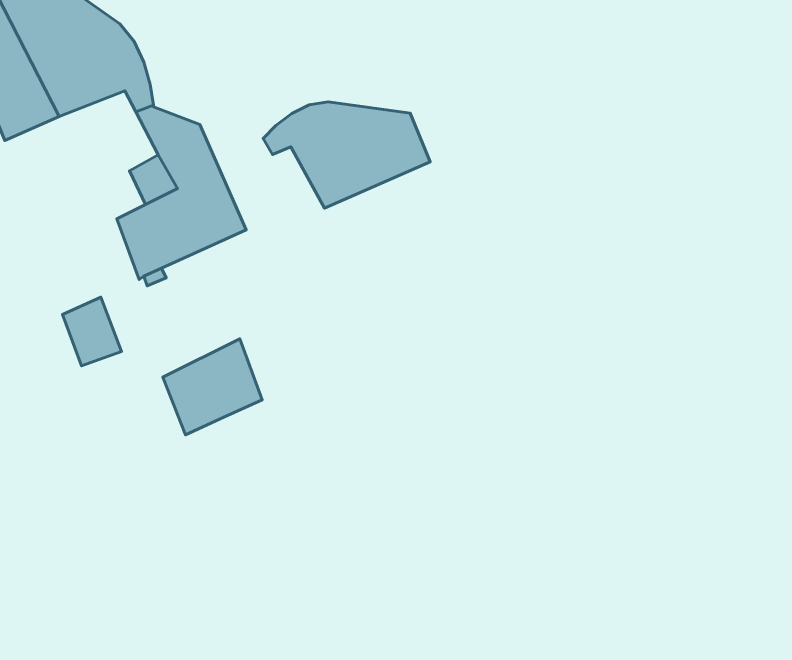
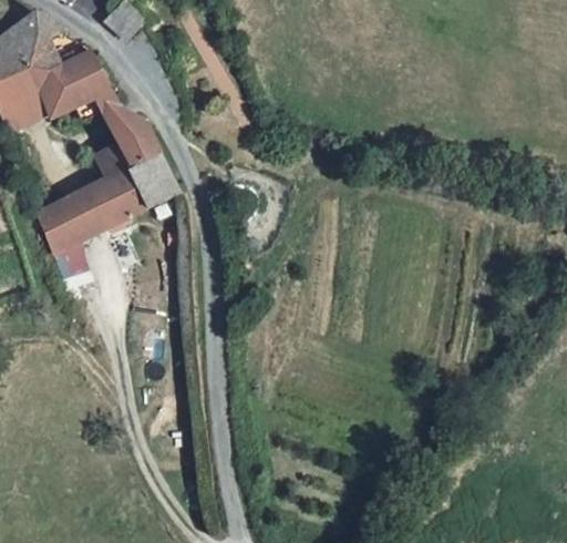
building: [263,102,430,208] -> none
building: [163,339,262,435] -> [35,186,104,253]

